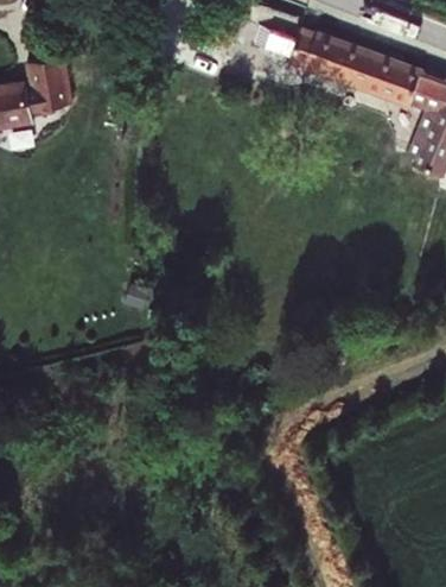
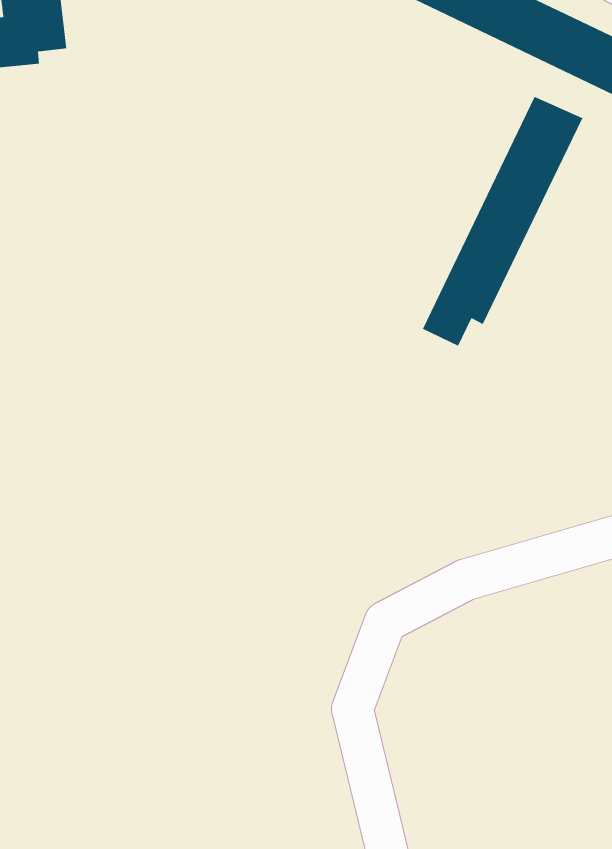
building: none -> [422,96,584,347]

